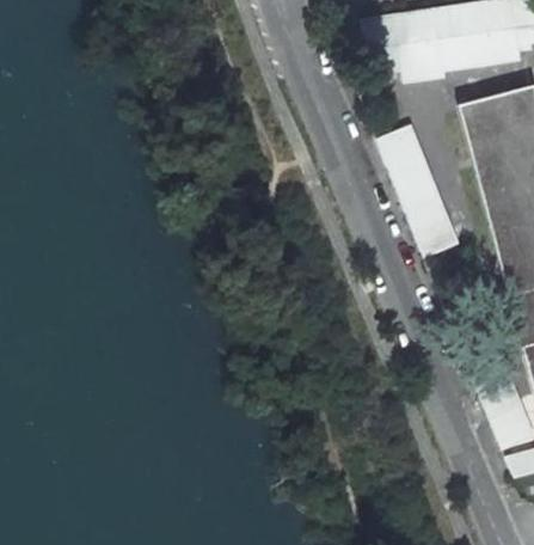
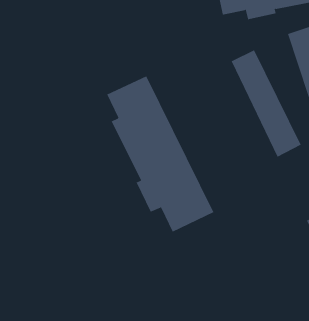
building: none -> [107,75,214,232]

